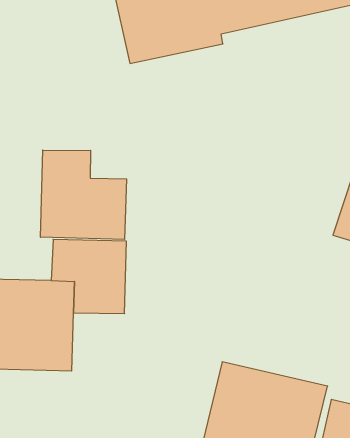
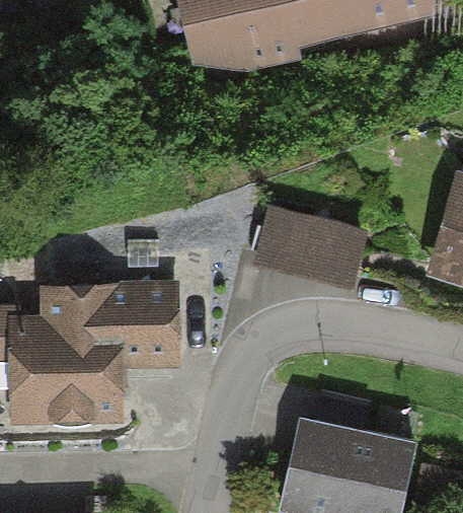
building: [41,150,127,239] -> none
building: none -> [250,202,365,287]

